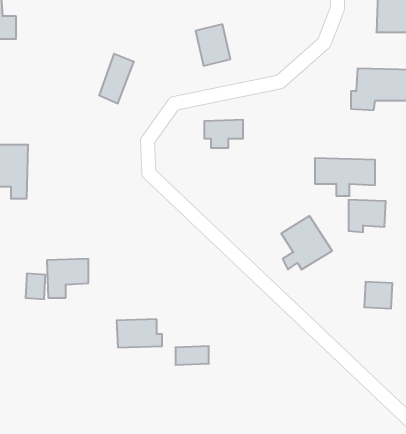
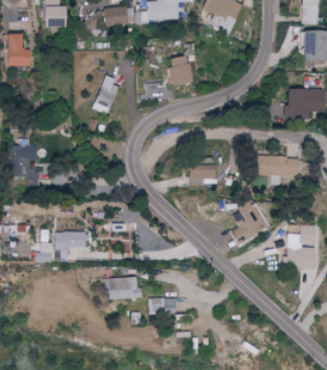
building: [204,120,243,148] -> [186,164,215,185]
building: [348,200,386,232] -> [288,224,316,249]

